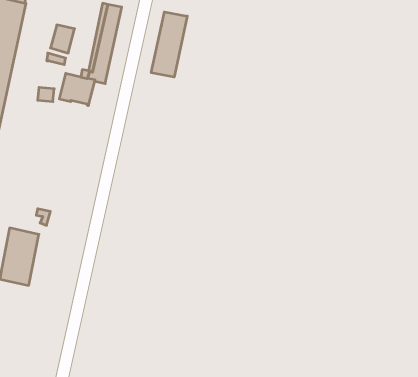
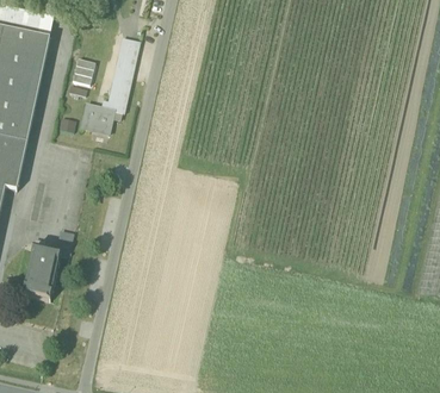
building: [151,12,187,77] -> none

